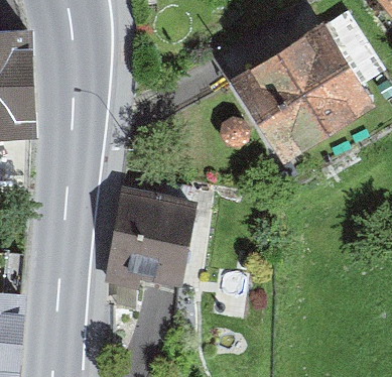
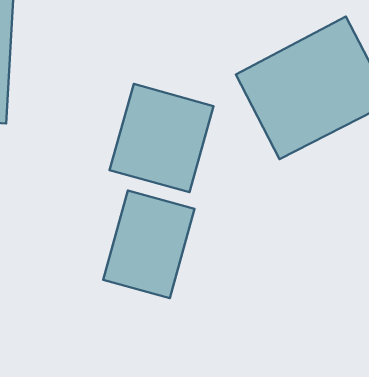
building: none -> [110,84,213,192]

